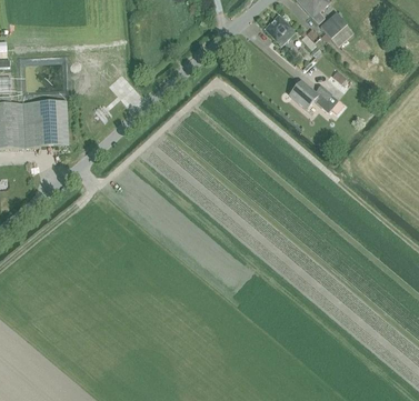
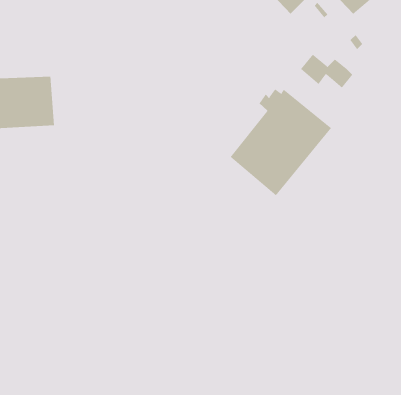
building: none -> [230,88,332,196]

